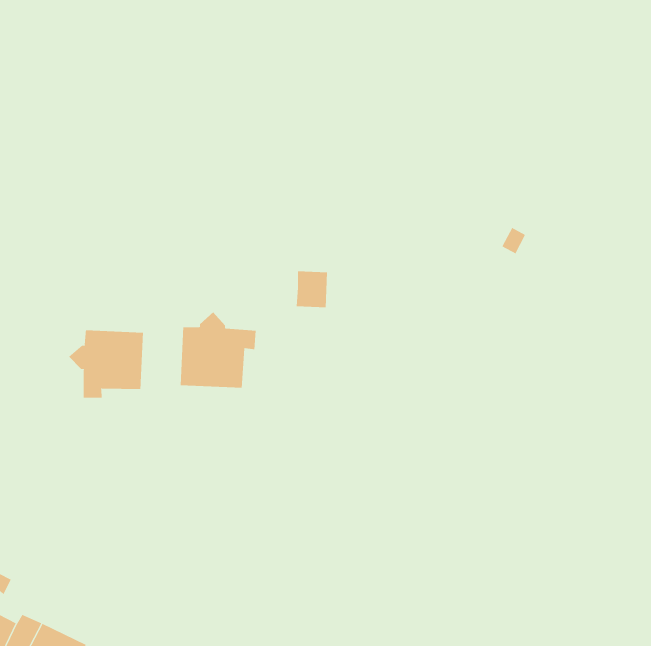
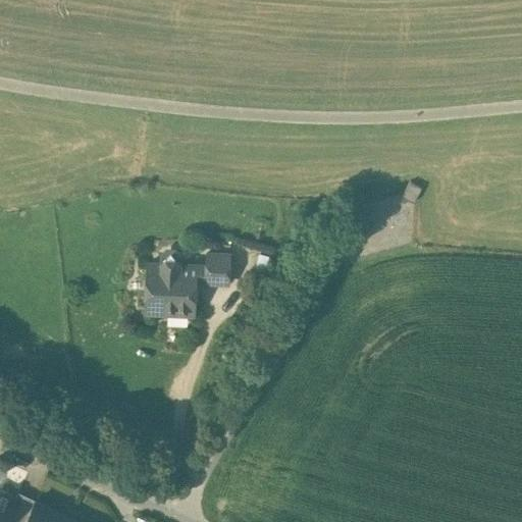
building: [296,271,328,308] -> [204,256,229,285]
building: [68,330,144,399] -> none

